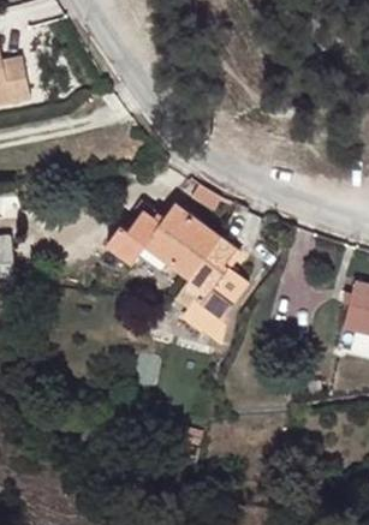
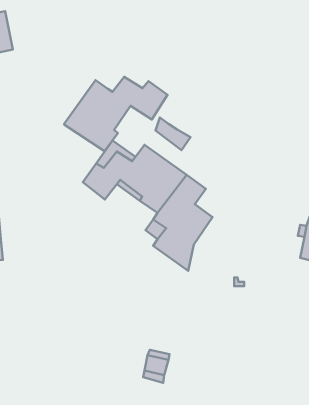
building: none -> [64,77,168,151]

